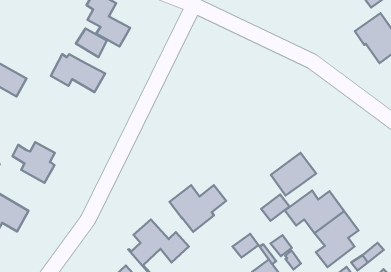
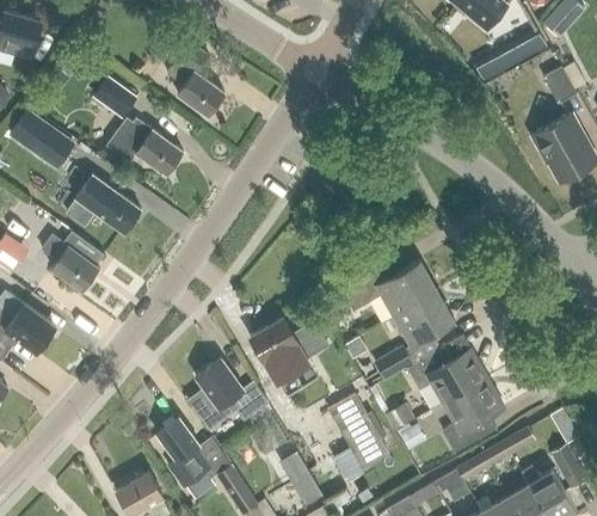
building: [76,28,107,57] -> [93,78,136,119]
building: none -> [67,176,140,233]
building: none -> [343,262,437,318]

